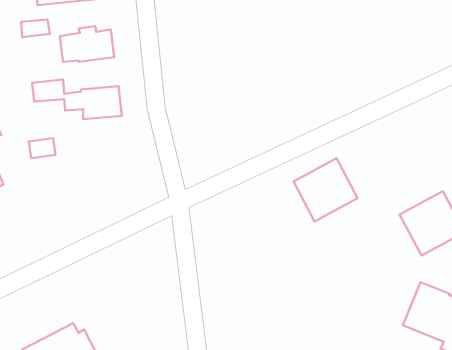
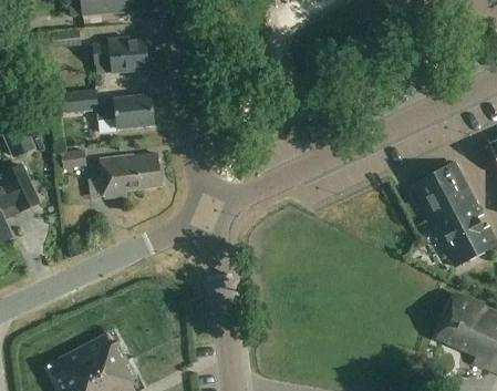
building: none -> [100,154,161,198]
building: [293,158,358,221] -> [411,162,475,225]

